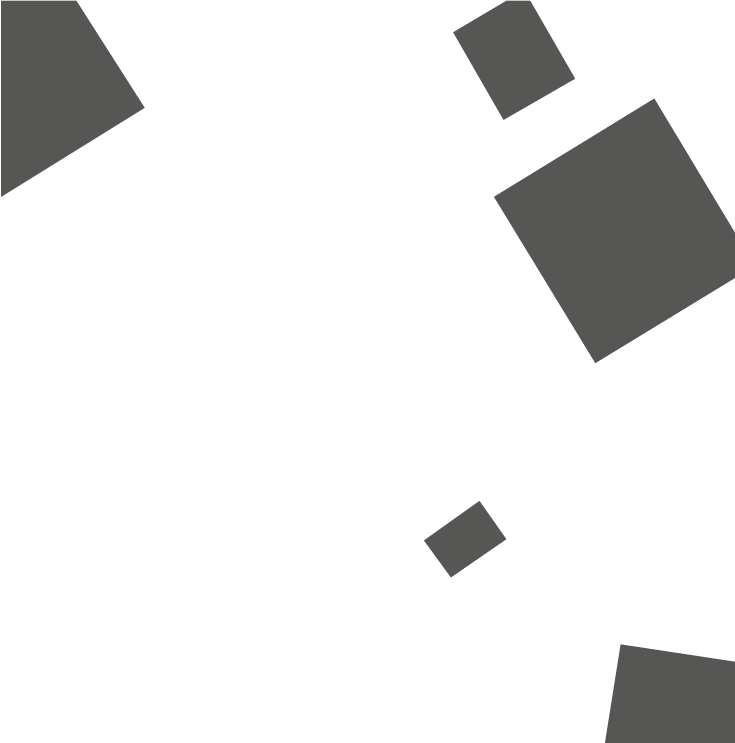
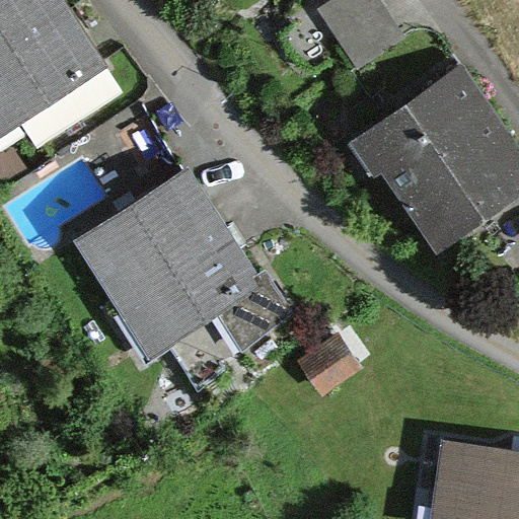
building: none -> [86,158,295,345]

